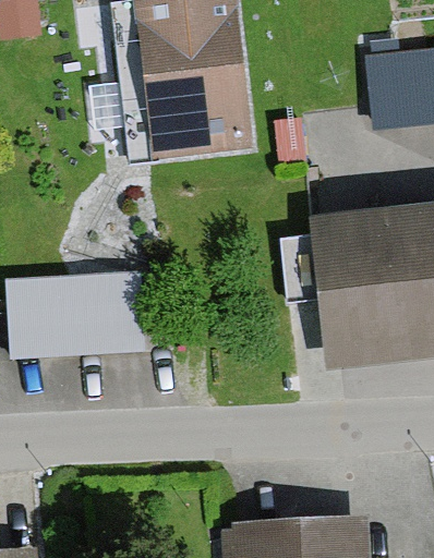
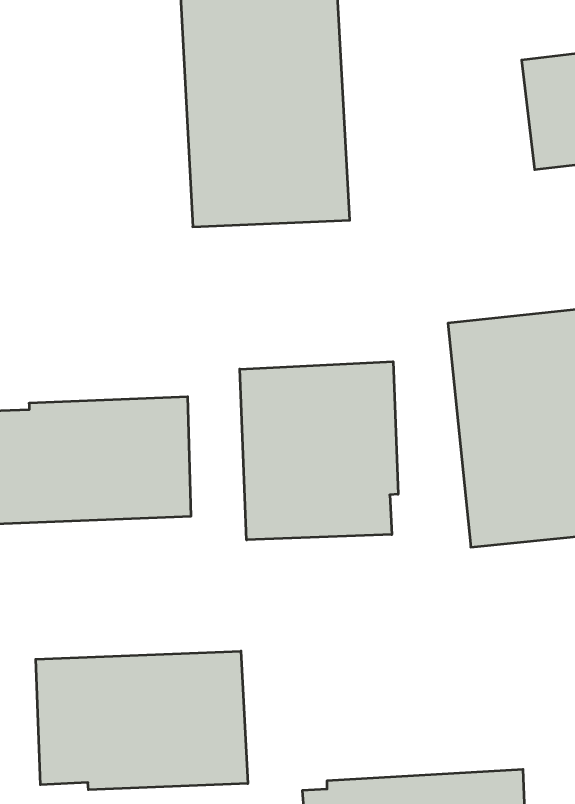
building: none -> [240,362,398,540]
building: none -> [36,651,248,790]

